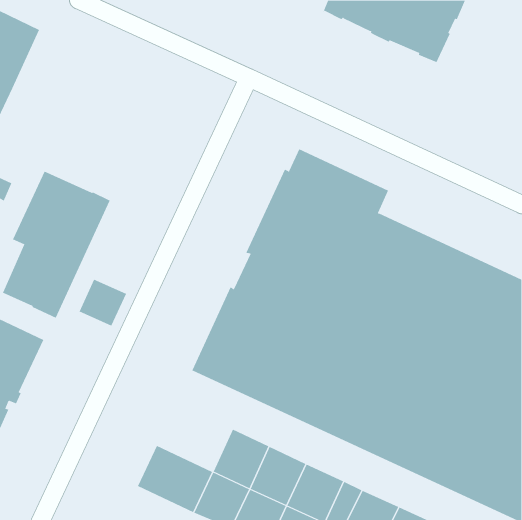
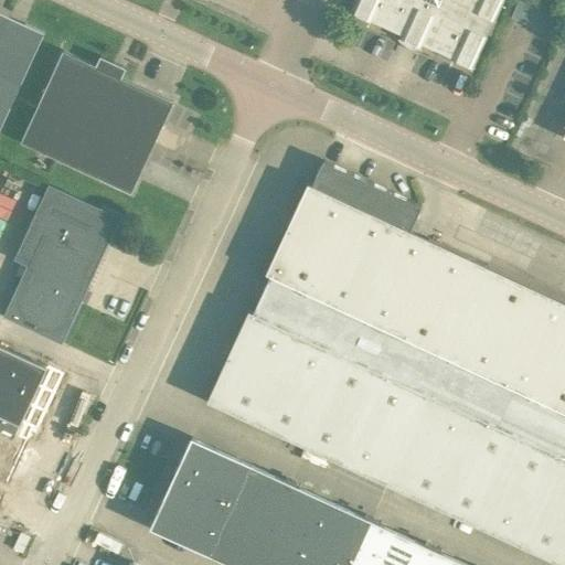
building: none -> [19,53,172,195]
building: [79,279,127,326] -> none
building: none -> [169,438,250,512]

